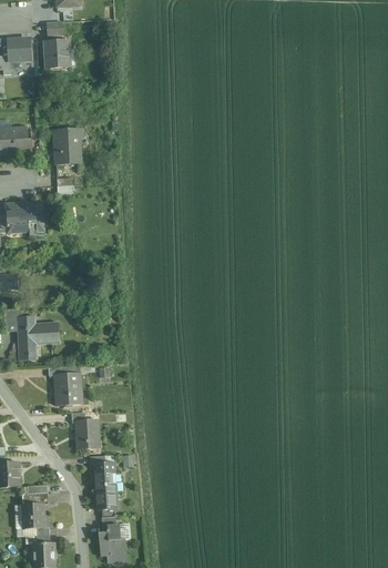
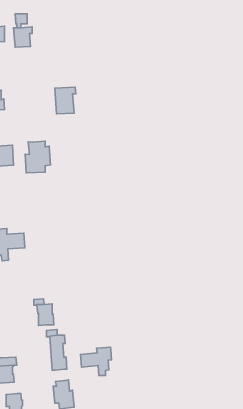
building: [53,129,82,165] -> [55,87,76,114]
building: none -> [25,141,50,173]
building: [54,373,81,406] -> none
building: none -> [80,347,111,375]

